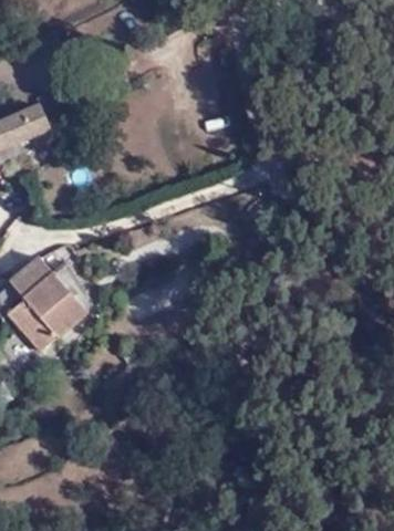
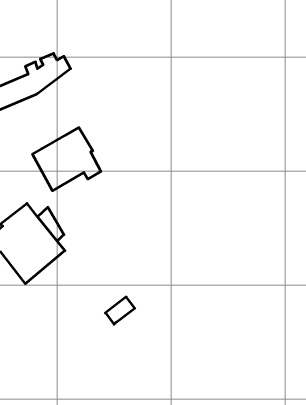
building: none -> [33,128,101,191]

